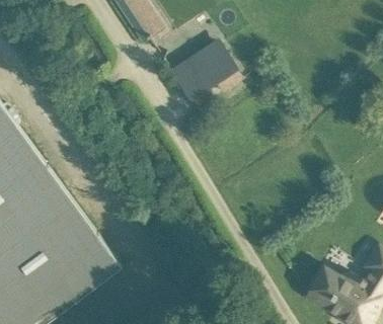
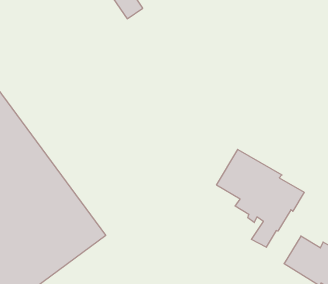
building: [173,40,241,104] -> none
building: none -> [217,149,304,247]

